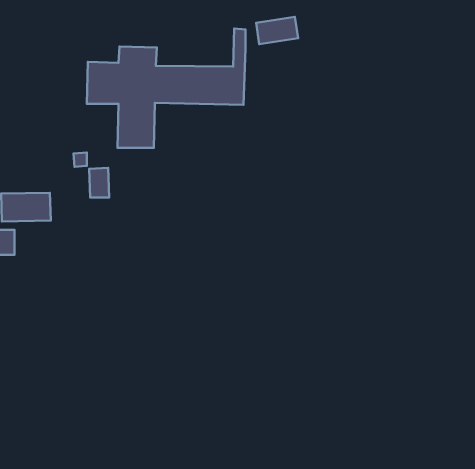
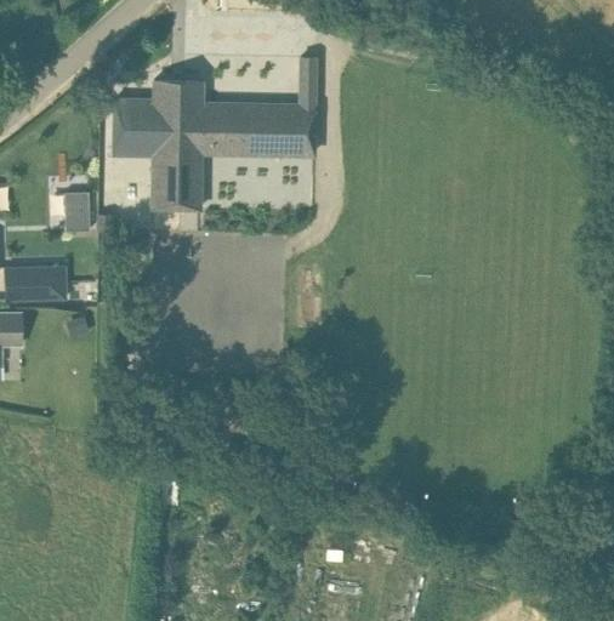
building: [256,17,298,44] -> none
building: [89,168,109,198] -> [66,193,91,230]

